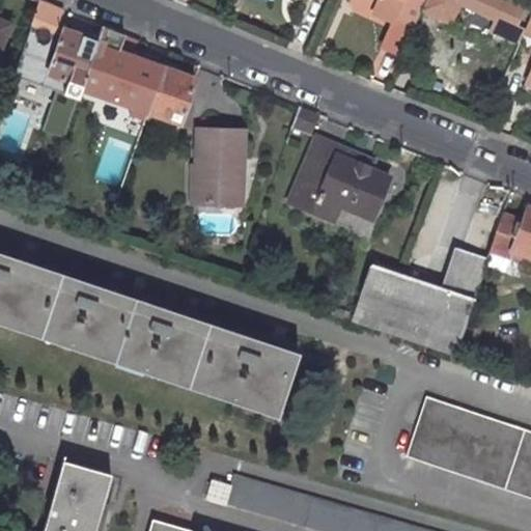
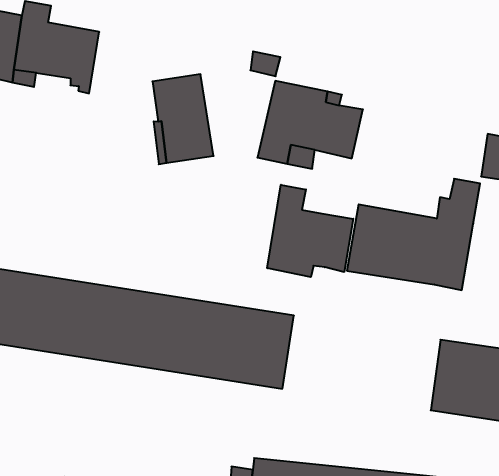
building: [145,66,195,123] -> none
building: none -> [267,185,353,277]

